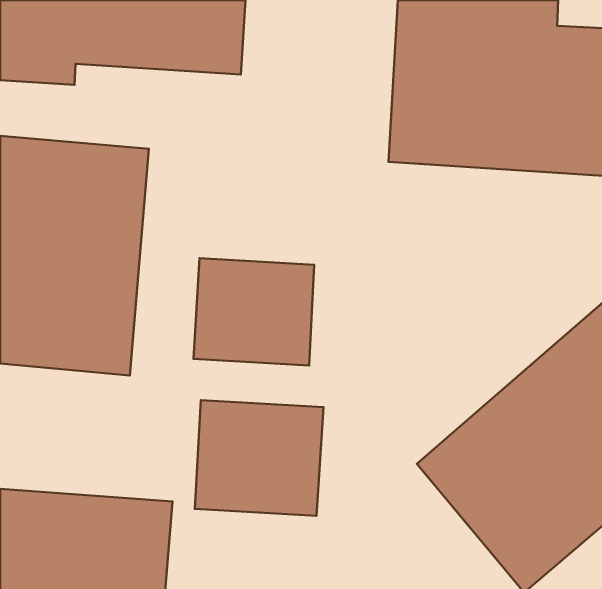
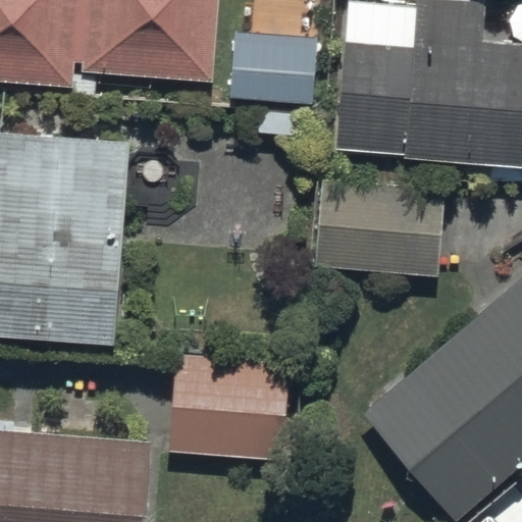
building: none -> [229,28,317,106]
building: none -> [317,180,440,276]
building: [193,258,314,365] -> none

